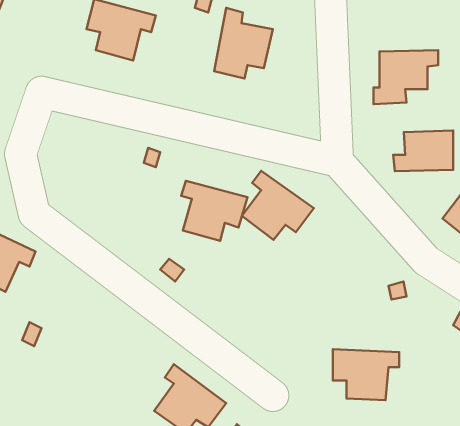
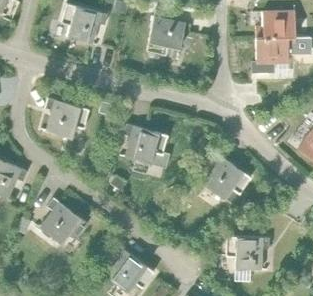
building: [393,131,453,171] -> [255,11,295,38]
building: none -> [45,97,89,138]
building: [242,171,314,240] -> [203,153,251,199]
building: none -> [40,197,88,243]

